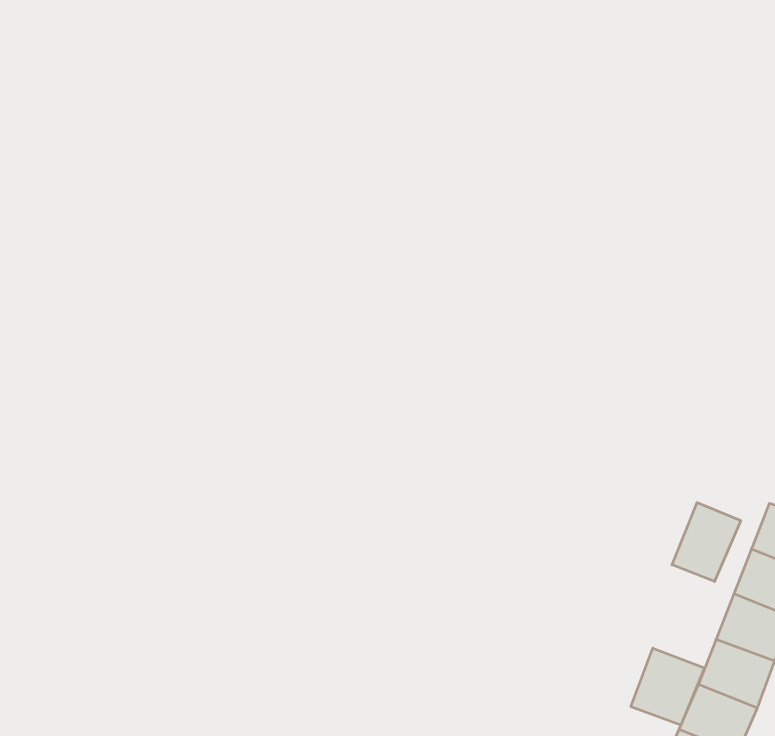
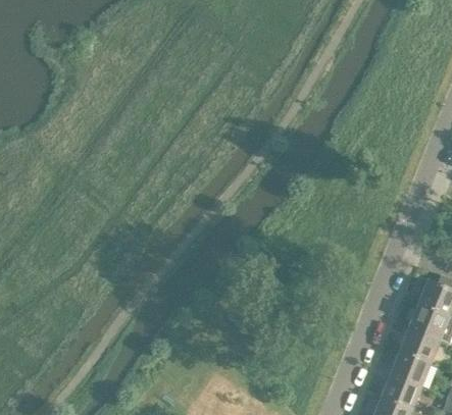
building: [672,503,741,582] -> none
building: [631,648,704,725] -> none

